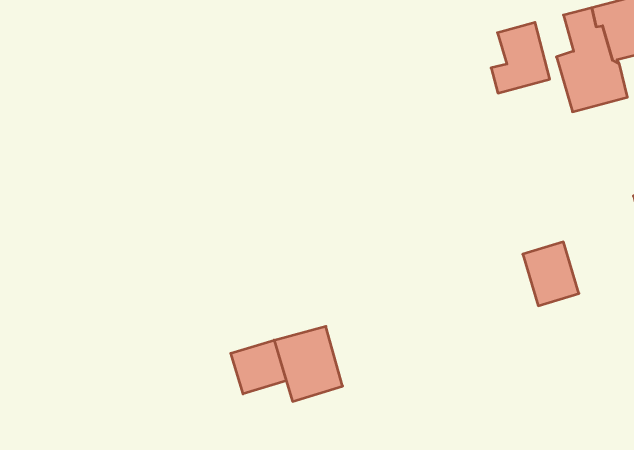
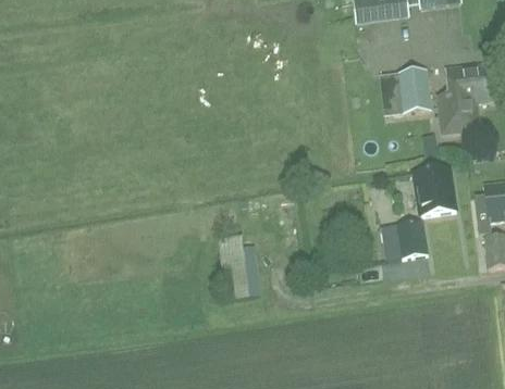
building: none -> [414,166,455,215]
building: [231,340,286,394] -> none

